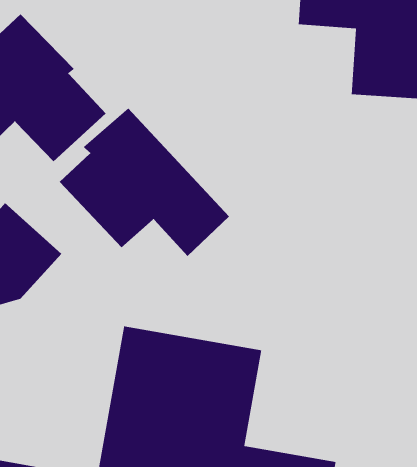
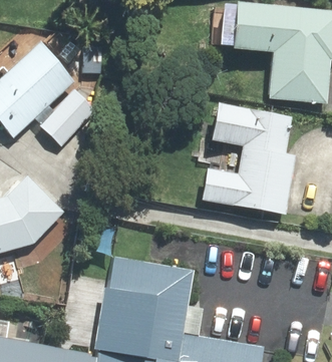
building: none -> [199,102,296,213]
building: [59,108,230,257] -> none

